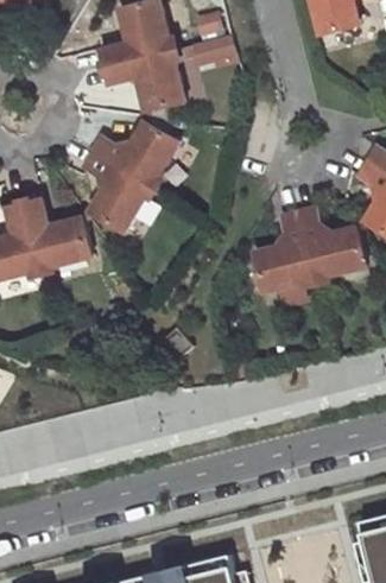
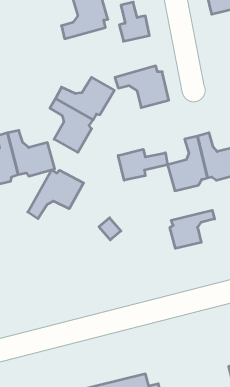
building: [106,51,184,112] -> [115,66,169,108]
building: none -> [118,149,167,180]
building: none -> [28,170,84,219]
building: none -> [170,210,215,248]

